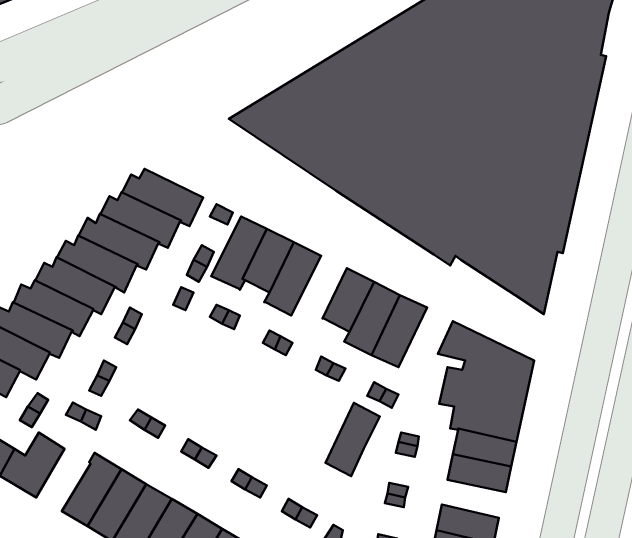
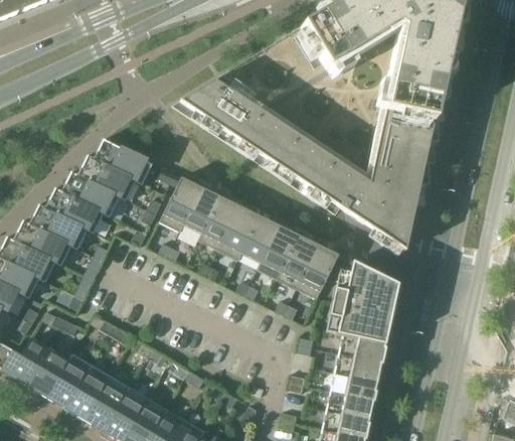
building: none -> [218,207,260,261]
building: [325,403,380,476] -> [298,246,338,300]
building: none -> [29,350,69,397]
building: none -> [330,374,377,402]

